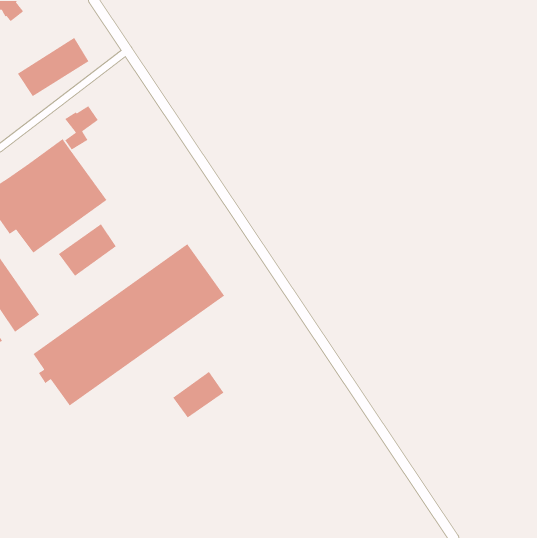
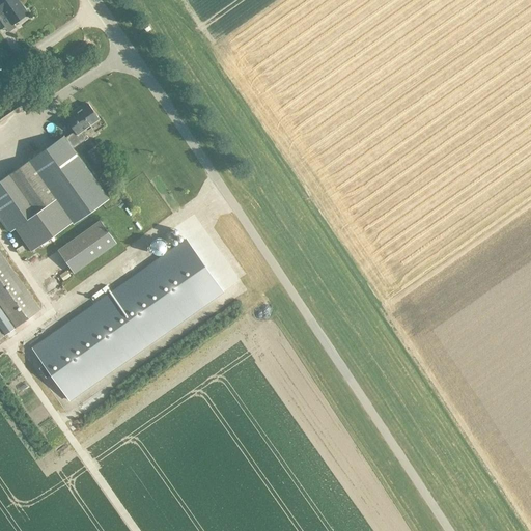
building: [17,37,90,97] -> none
building: [172,371,225,418] -> none

